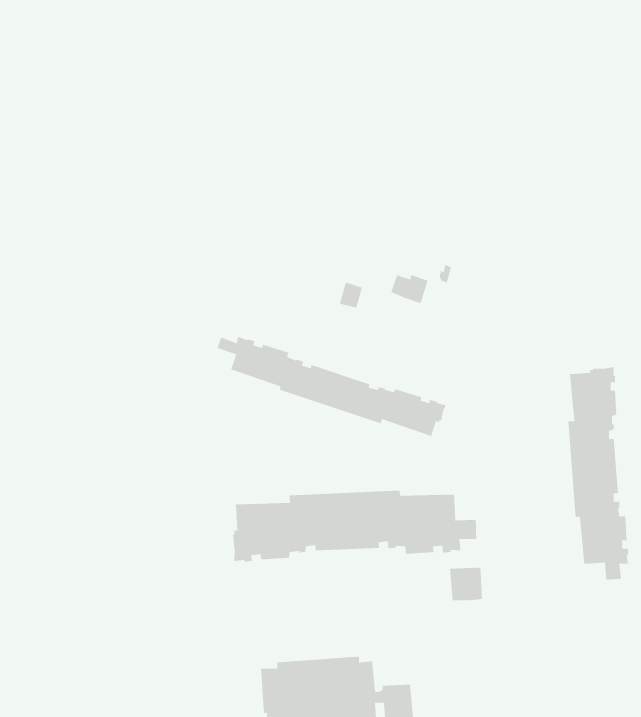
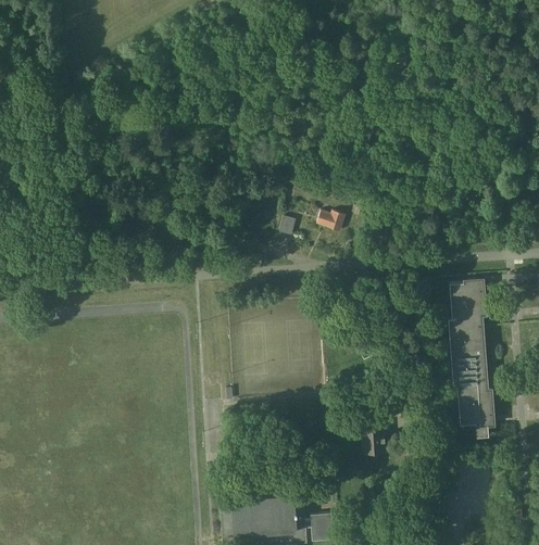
building: [217,336,447,437] -> none
building: [232,490,477,562] -> none

